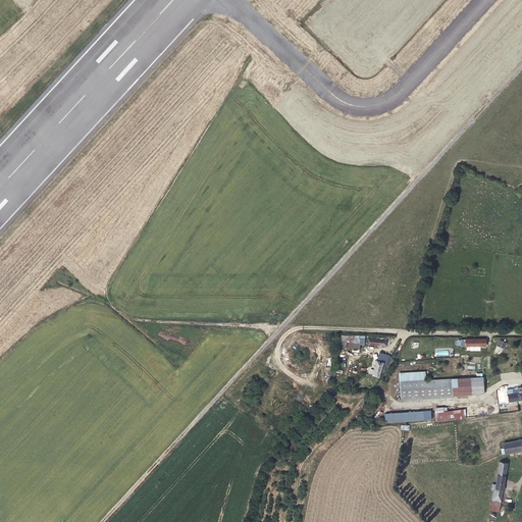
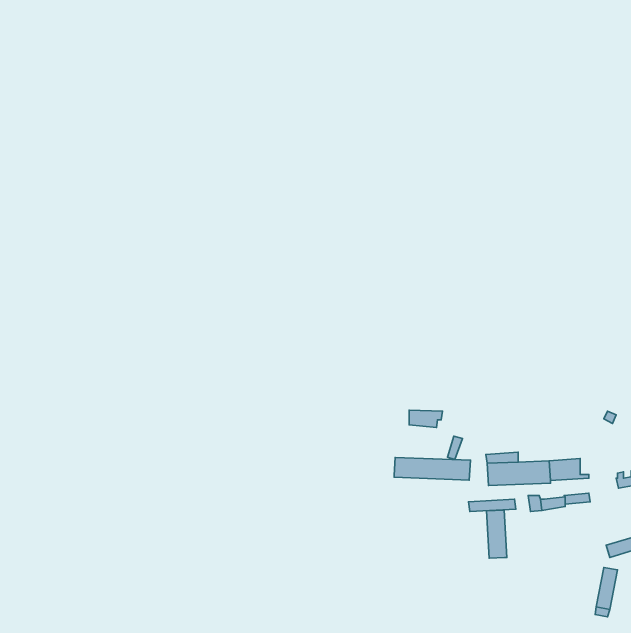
building: none -> [394,457,470,480]
building: none -> [487,510,507,558]

